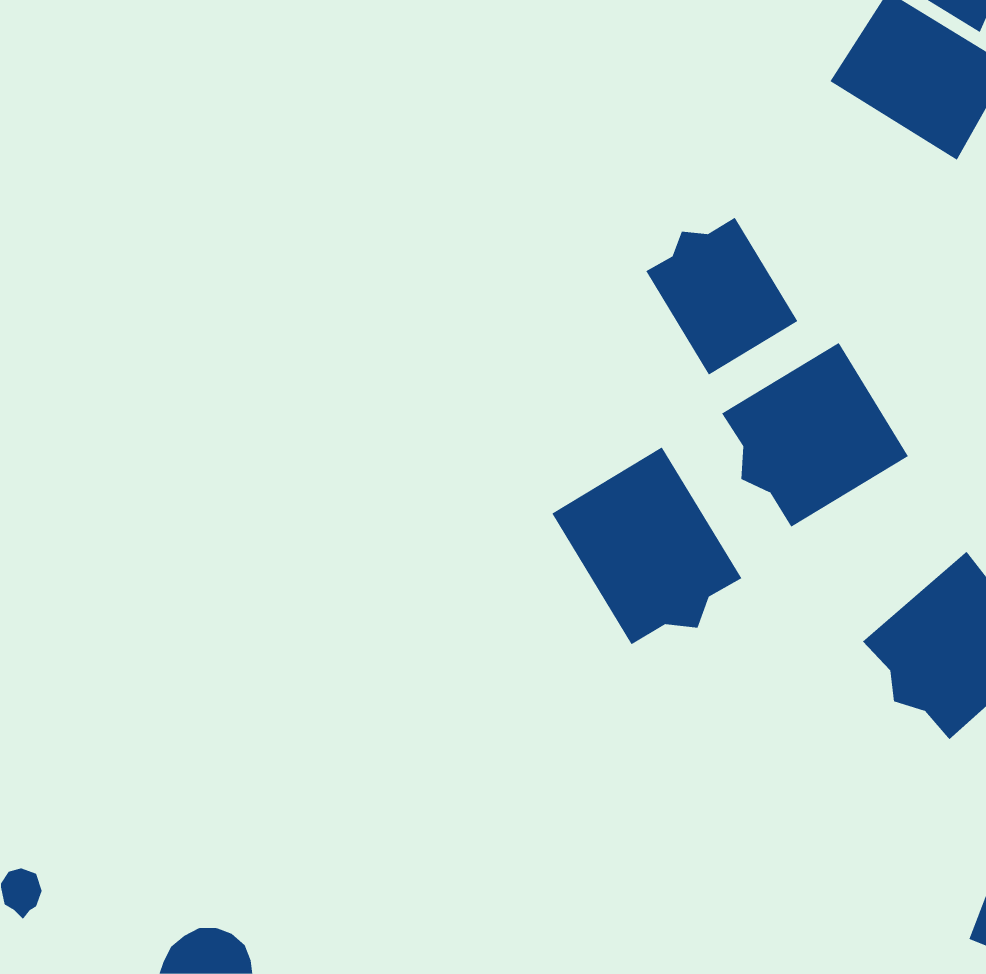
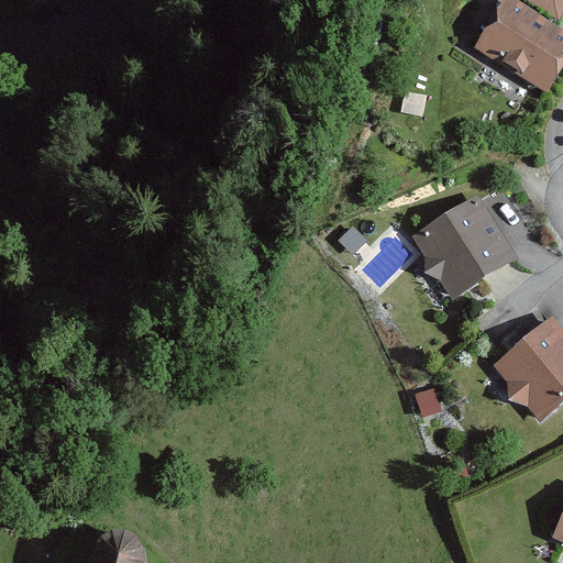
building: [645,217,798,375] -> none
building: [551,446,742,645] -> none

